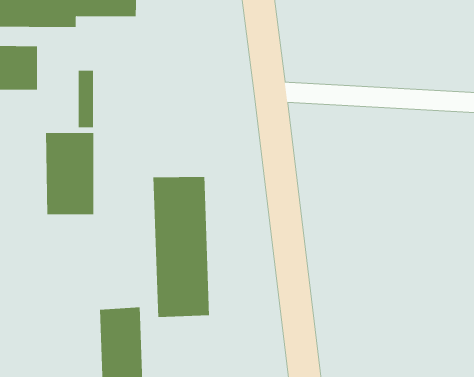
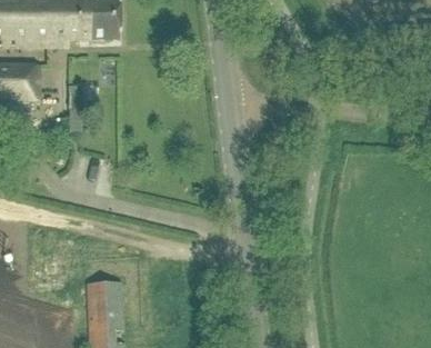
building: [45,132,94,215] -> none
building: [153,176,210,318] -> none

